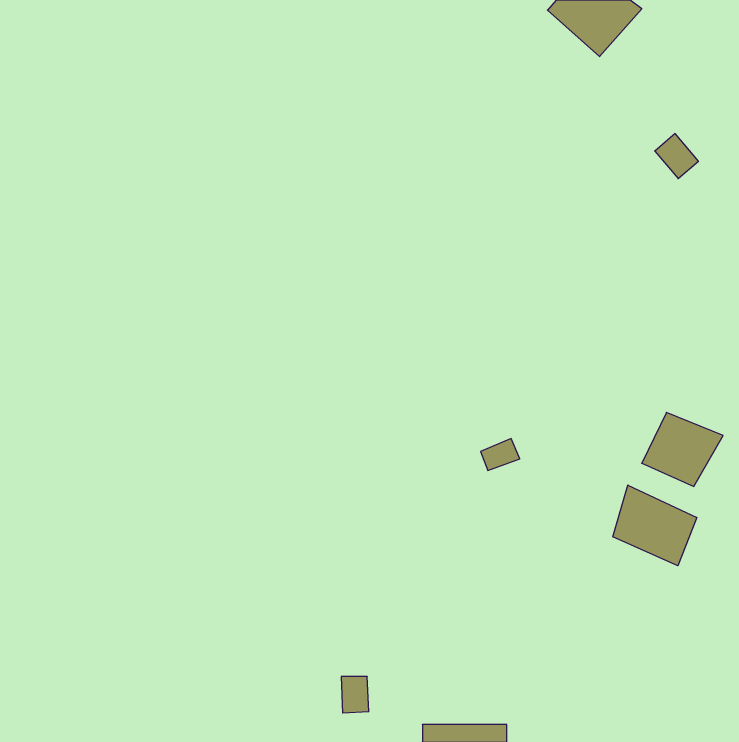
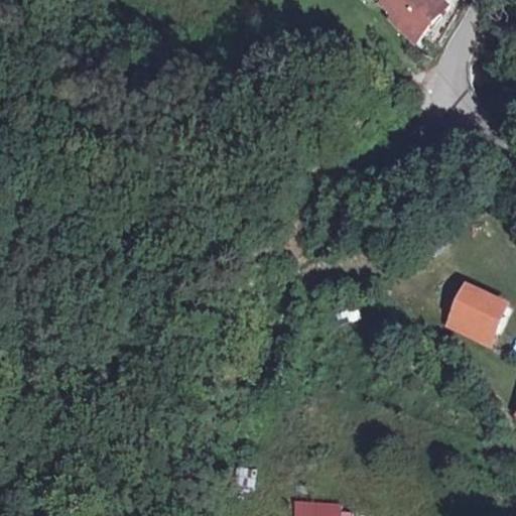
building: [613,485,697,566] -> none

